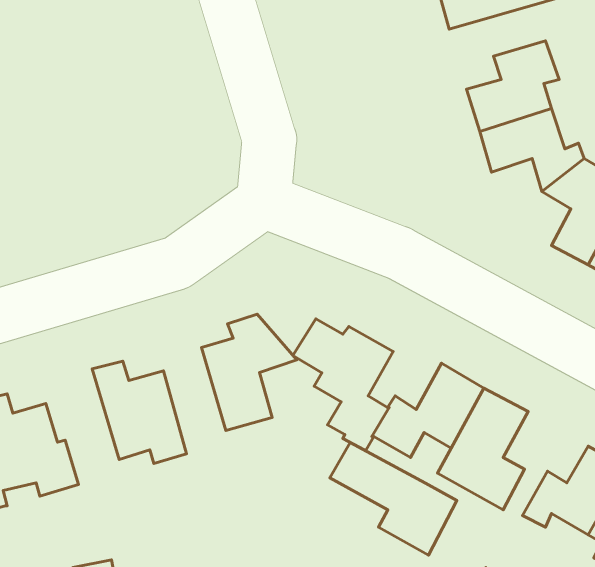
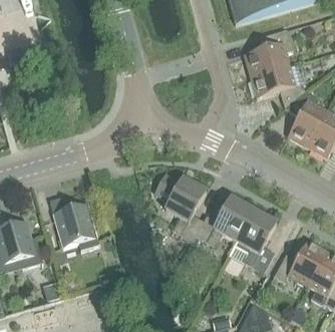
building: [202,314,297,430] -> none
building: [330,442,457,555] -> none

